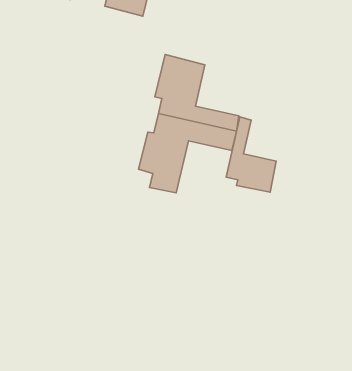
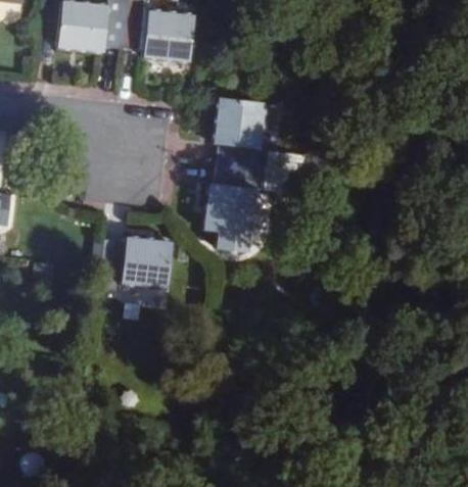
building: [226,117,276,192] -> none
building: none -> [103,245,172,298]

